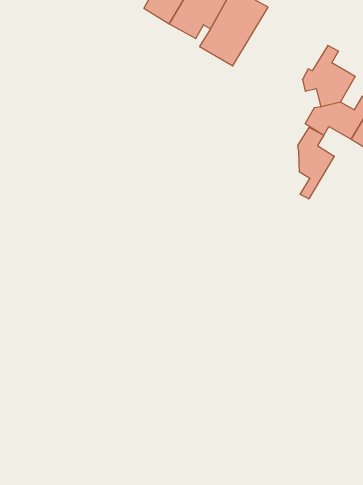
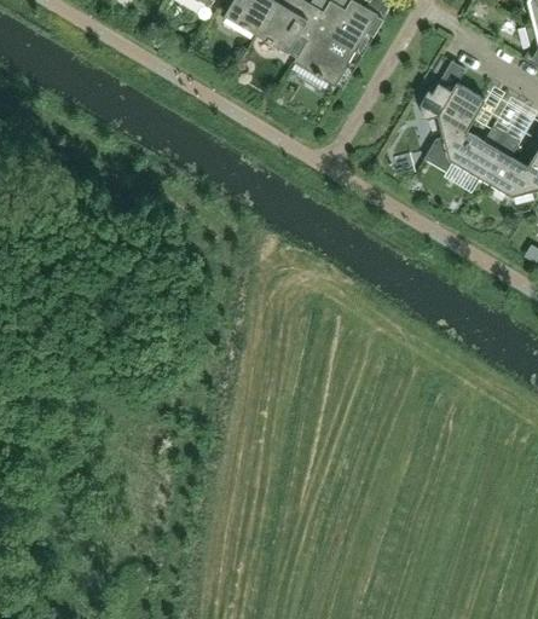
building: [298,127,334,199] -> none

